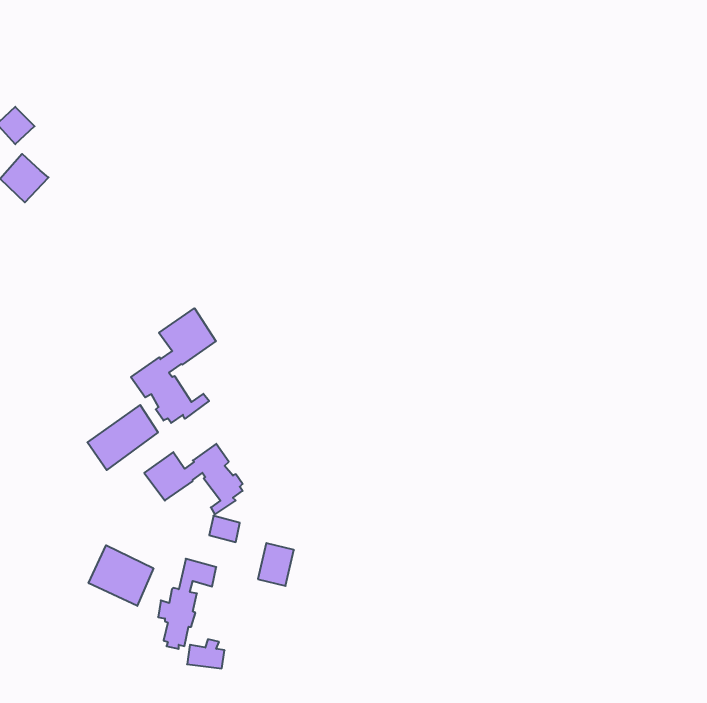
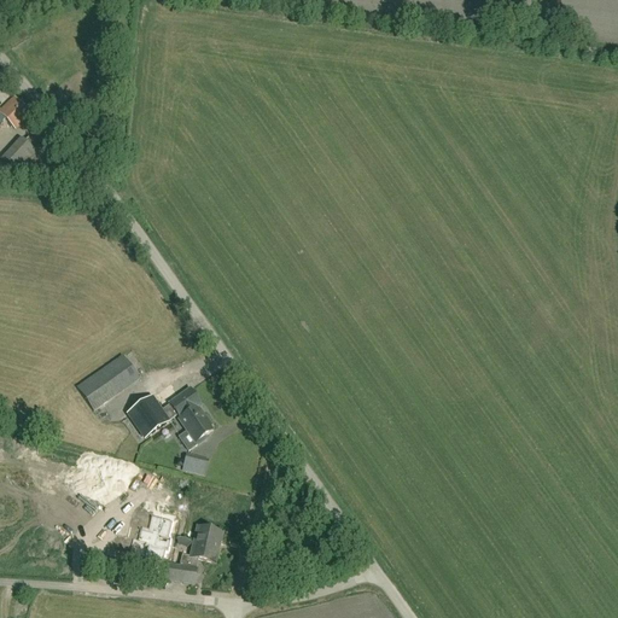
building: [131,308,216,423] -> none
building: [258,543,294,586] -> [190,524,221,561]
building: [89,545,153,606] -> none

